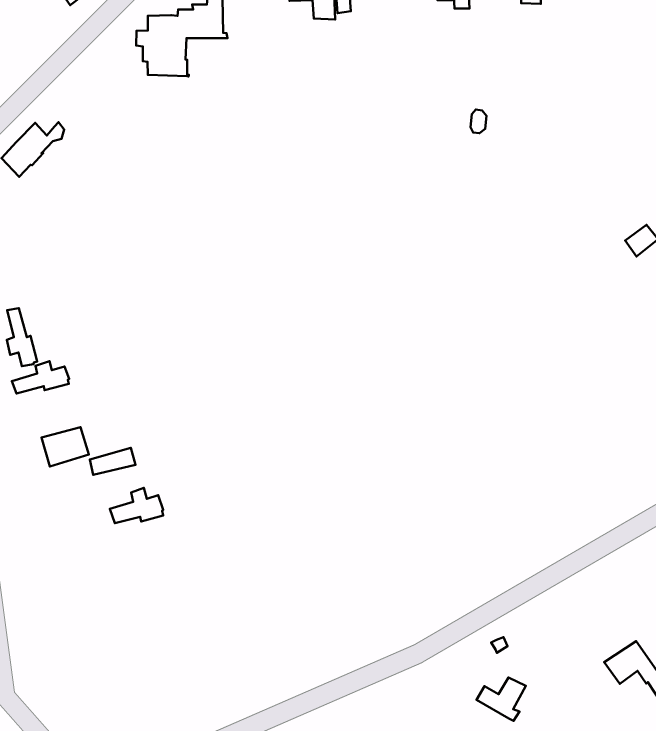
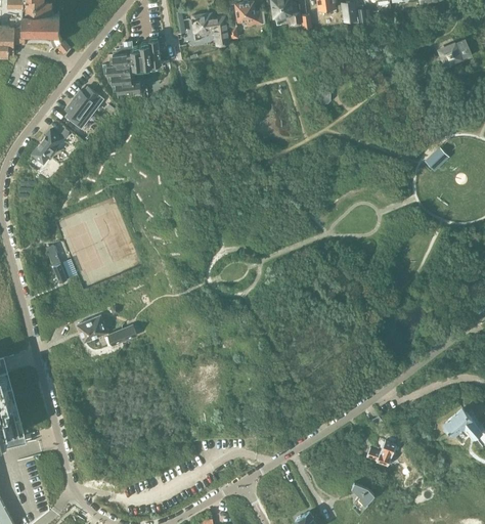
building: none -> [65,88,102,128]
building: [12,361,69,393] -> none
building: [110,488,163,523] -> none

